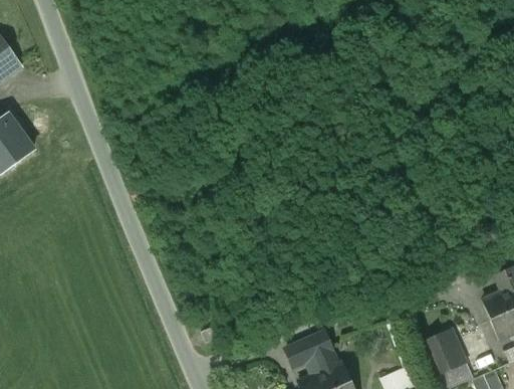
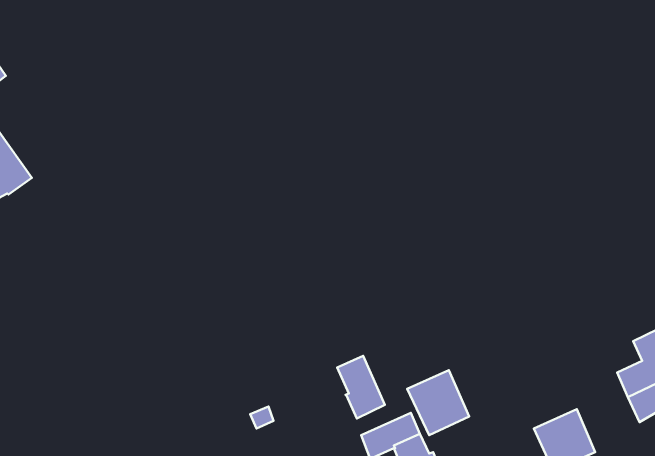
building: none -> [337,356,385,419]
building: none -> [407,370,469,435]

